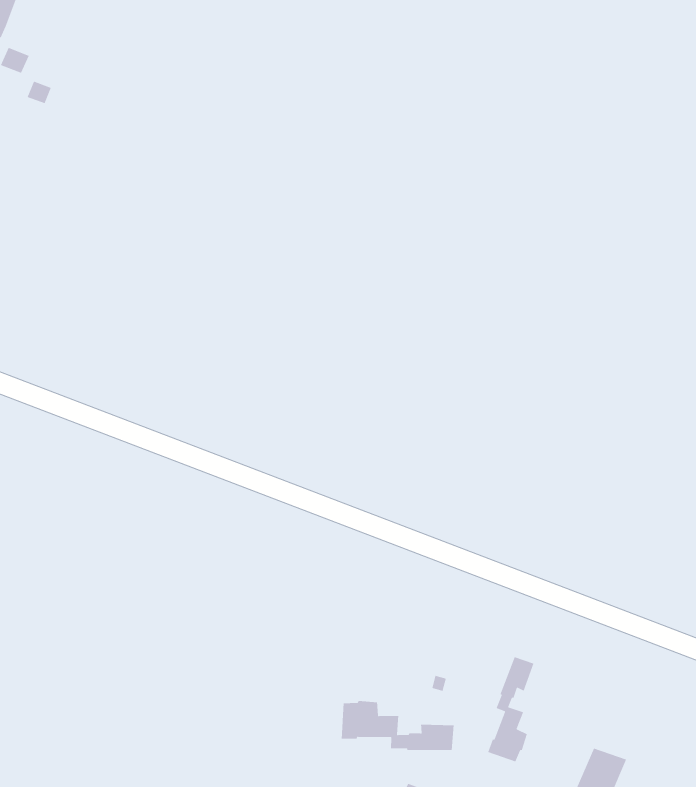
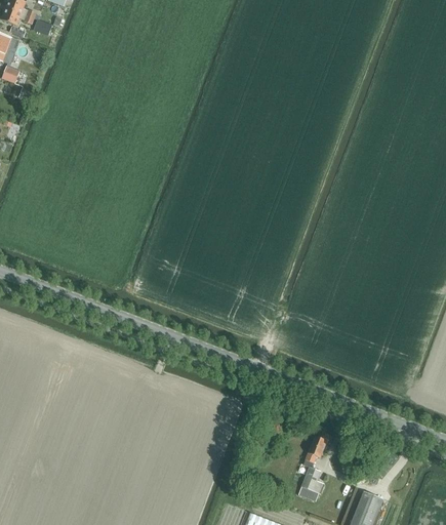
building: [341,700,454,751] -> none

